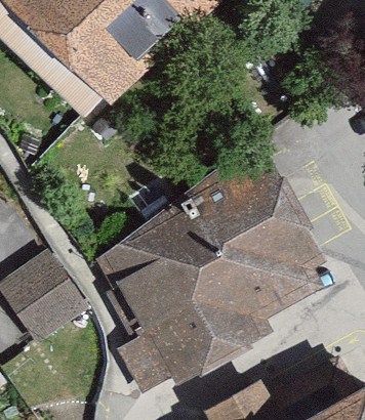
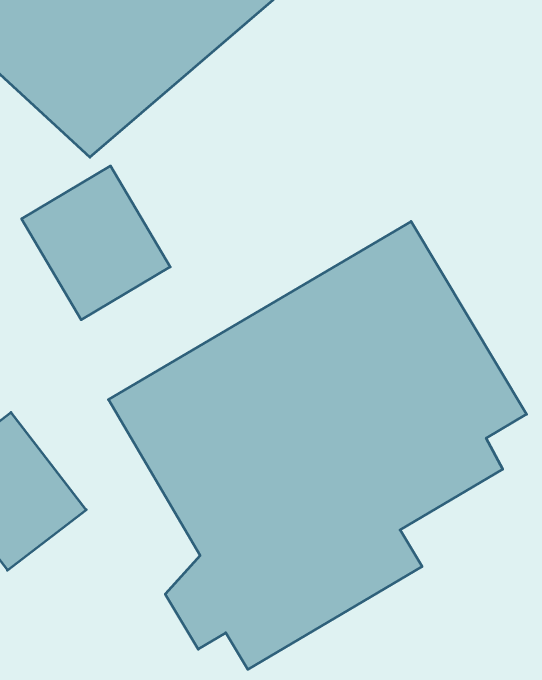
building: none -> [22,166,170,320]

